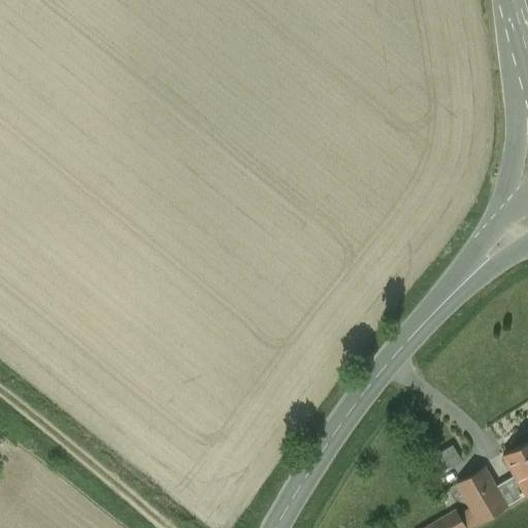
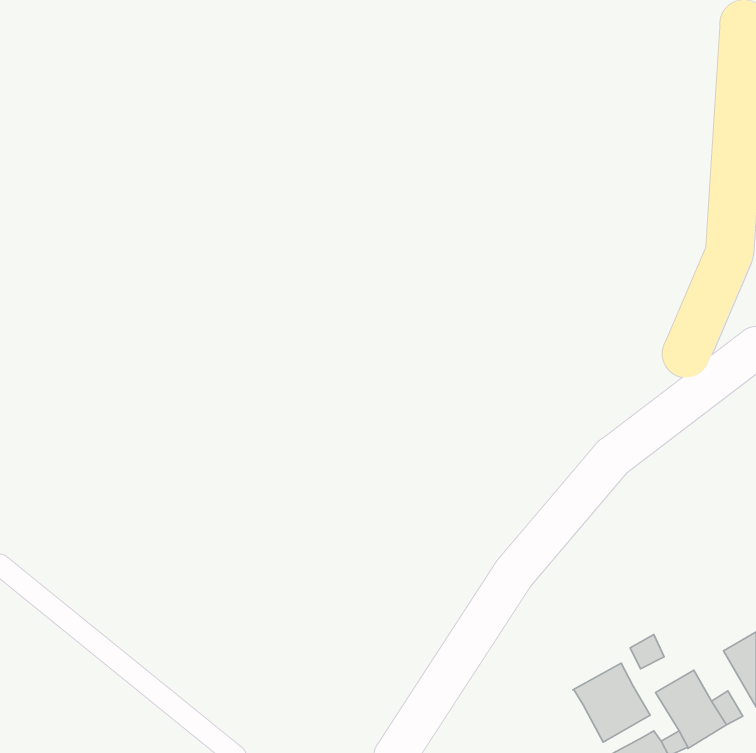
building: none -> [573,663,650,742]

